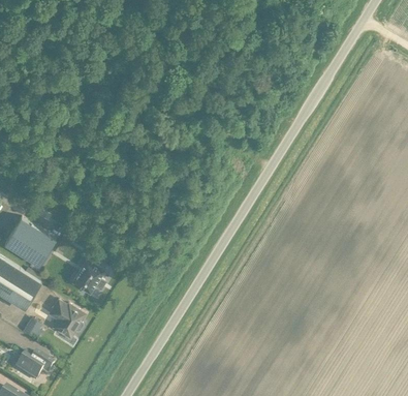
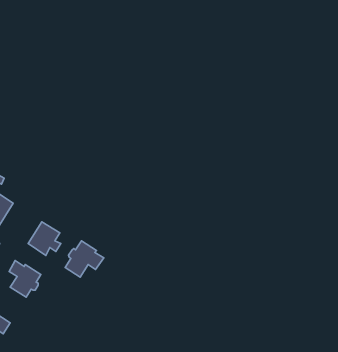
building: none -> [65,241,104,277]

